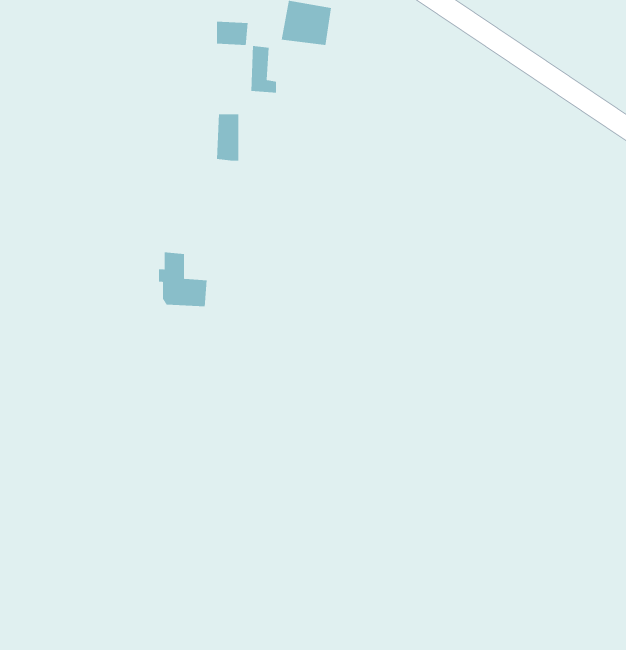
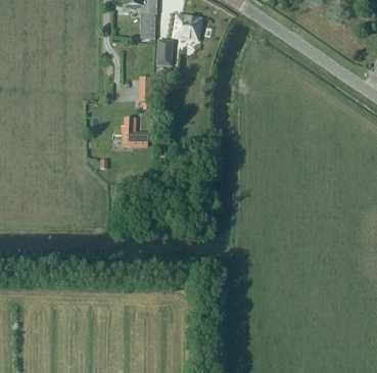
building: [158,252,208,307] -> [123,118,149,147]

